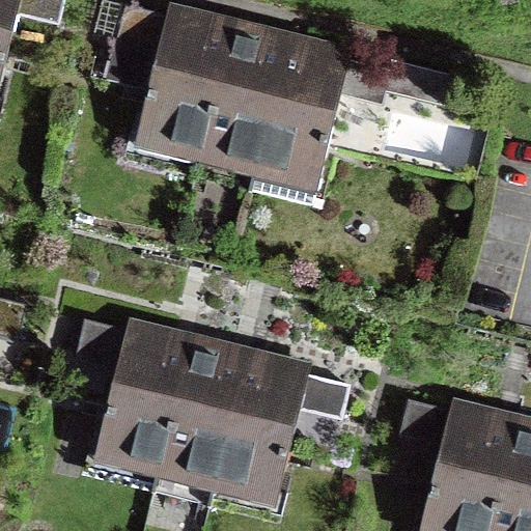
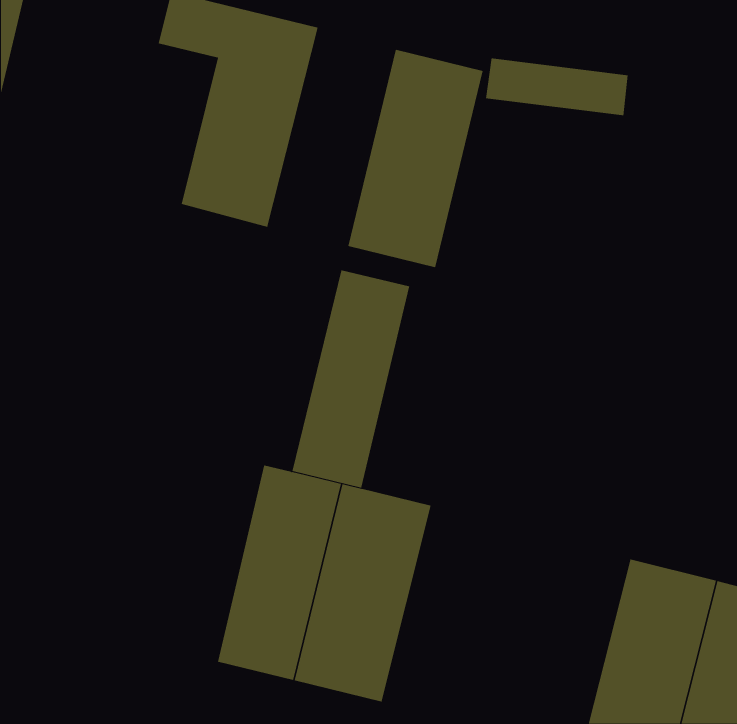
building: [194,20,285,176] -> none
building: none -> [292,270,410,488]
building: [77,308,191,474] -> none

